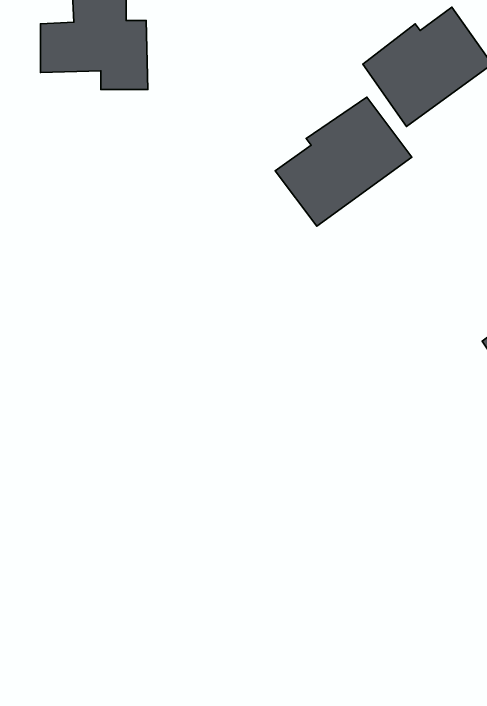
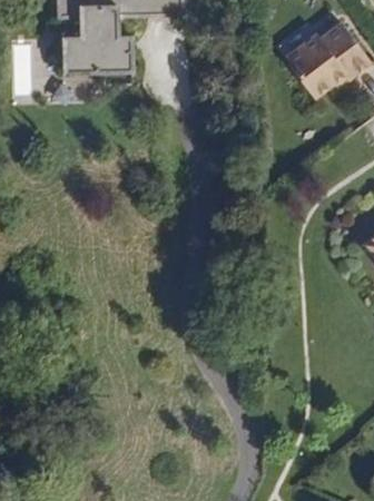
building: [275,97,412,226] -> none

